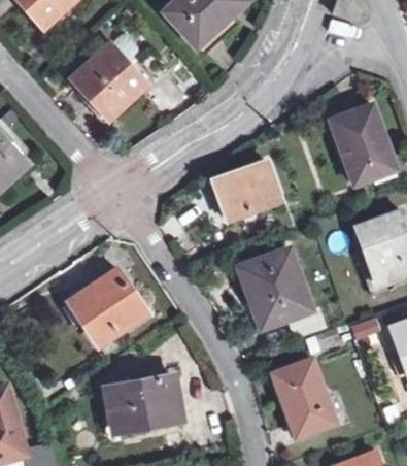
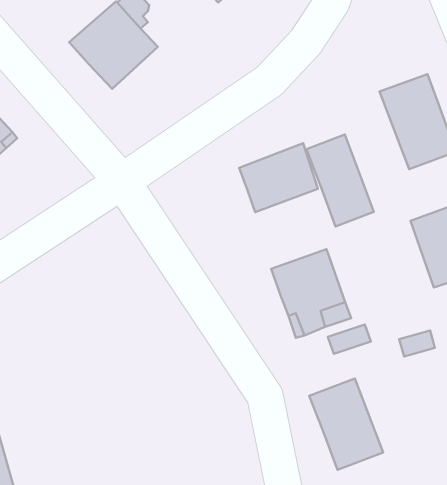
building: none -> [307,135,374,226]
building: [69,270,144,344] -> none
building: [110,377,176,431] -> none

